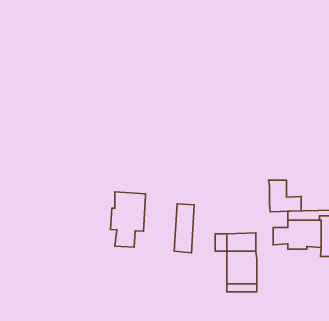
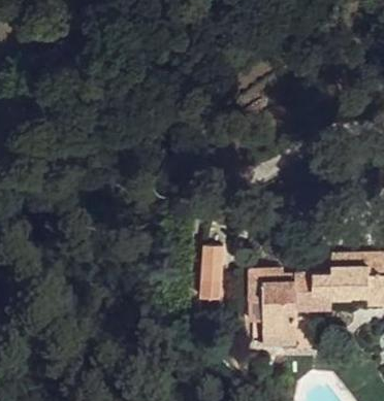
building: [268,180,301,212] -> [293,273,330,309]
building: [111,192,146,247] -> none

